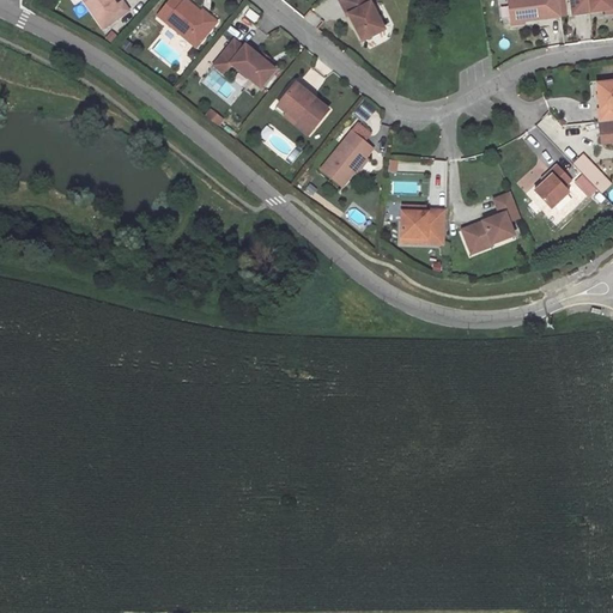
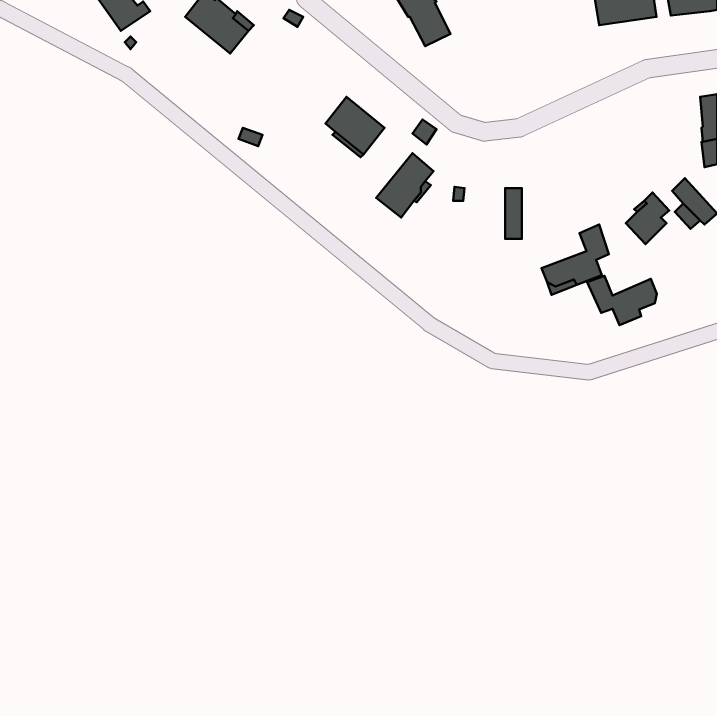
building: [214,40,274,86] -> none
building: [401,208,445,243] -> none
building: none -> [587,276,657,325]

